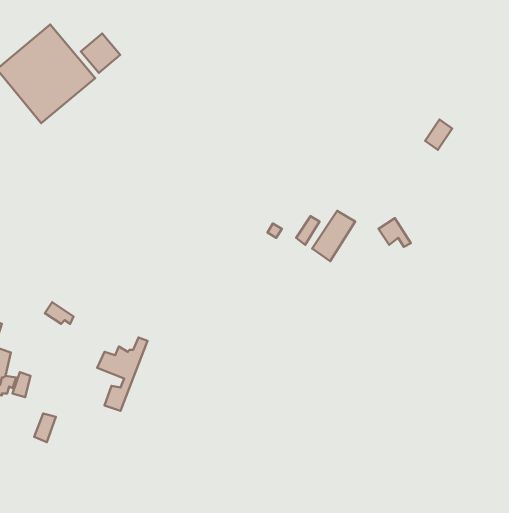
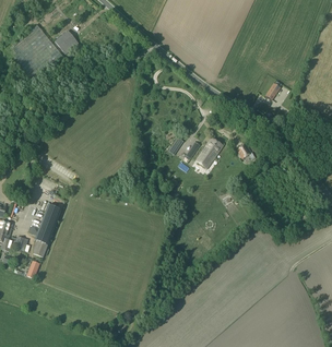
building: [97,337,148,411] -> [28,212,59,256]

